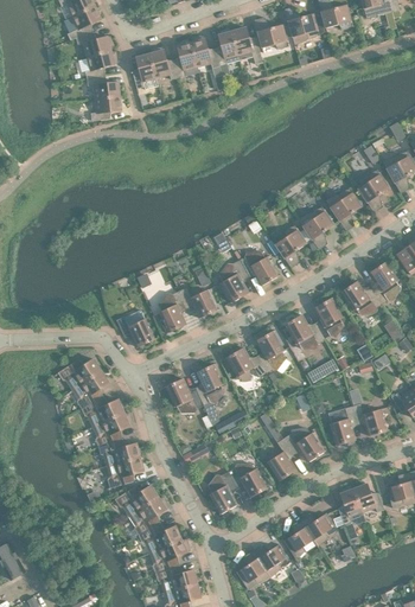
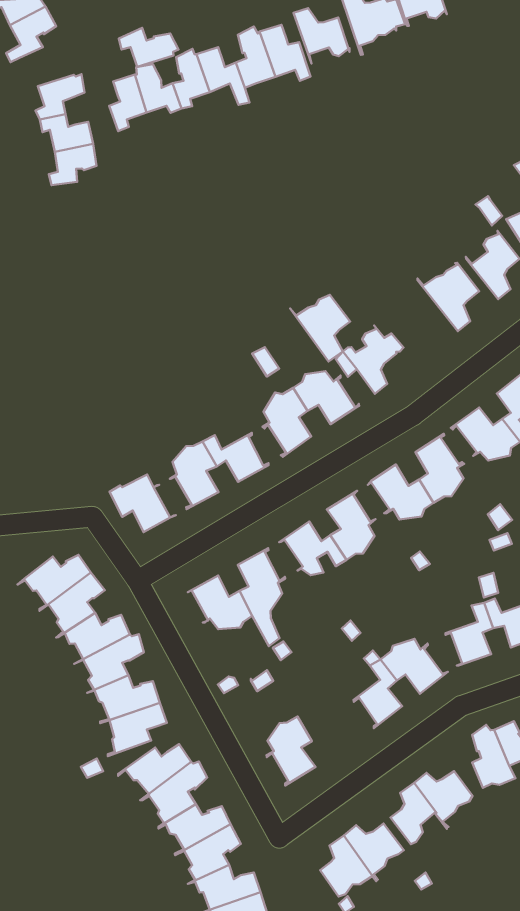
building: [77,32,115,57] -> [119,28,179,67]
building: [296,207,334,250] -> [290,295,350,362]
building: [229,464,270,498] -> none

